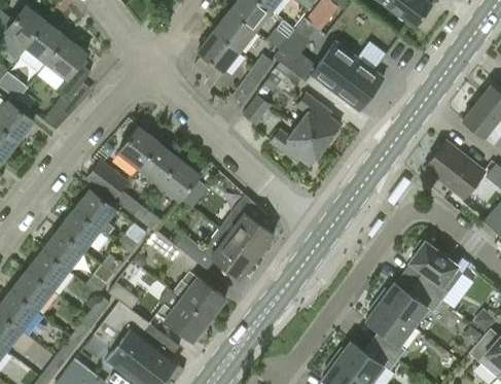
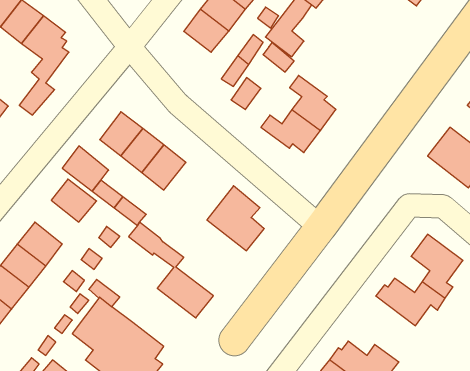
building: [311,41,384,110] -> none
building: [59,209,100,250] -> none
building: [176,228,256,278] -> none
building: [156,288,209,342] -> none
building: [365,299,414,360] -> none

